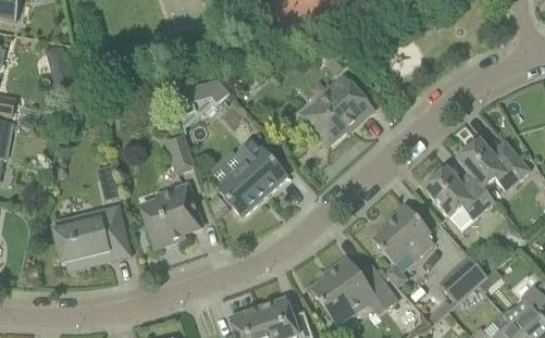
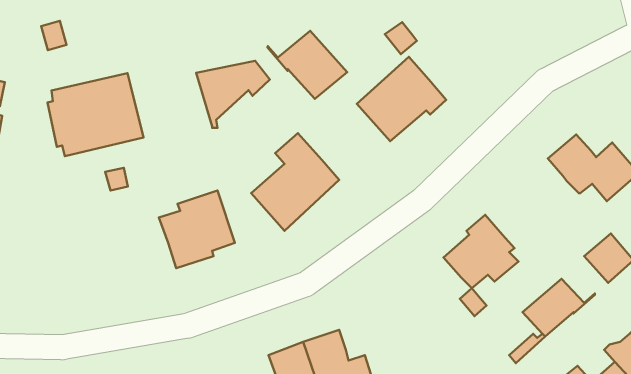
building: none -> [267,31,347,99]
building: [164,132,195,174] -> none
building: [424,166,496,229] -> none
building: [53,203,132,271] -> [47,73,144,156]
building: [310,255,397,325] -> none

